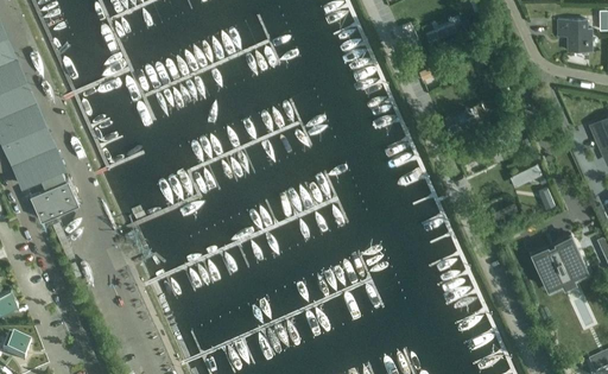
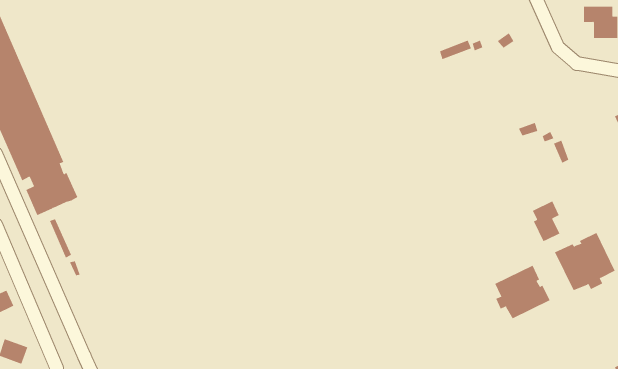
building: none -> [532,201,560,242]
building: none -> [494,265,551,319]

